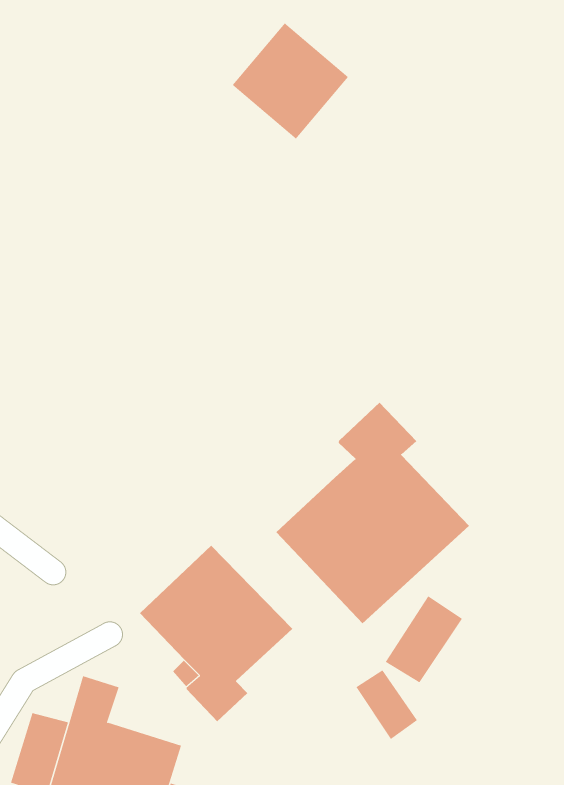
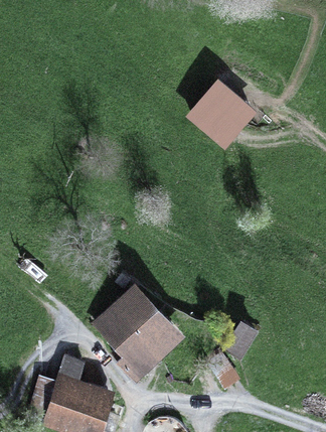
building: [232,22,349,139] -> [191,83,252,143]
building: [276,402,470,624] -> none

